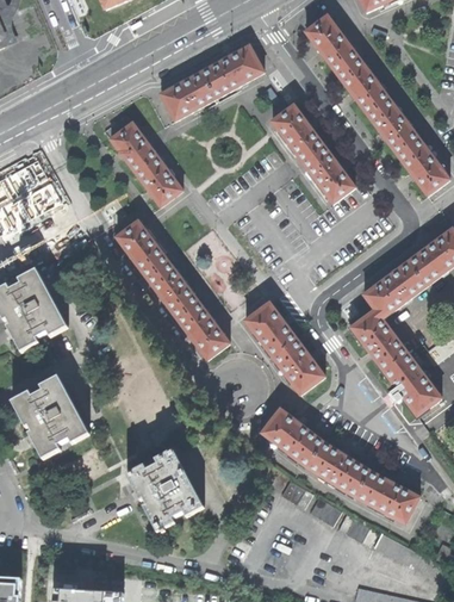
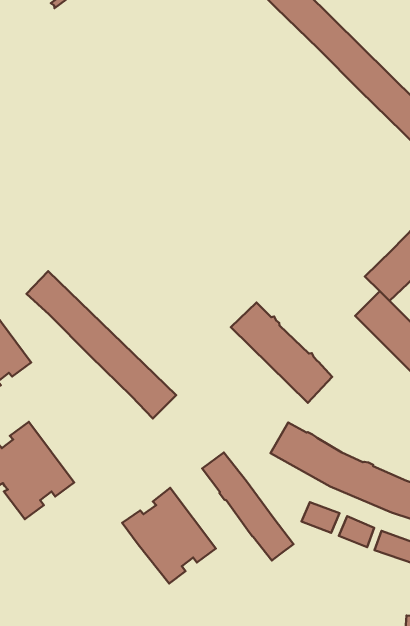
building: [160,46,262,120] -> none
building: [272,106,354,204] -> none
building: [102,114,181,207] -> none
building: [114,222,229,360] -> [26,271,176,418]
building: none -> [202,452,294,560]

